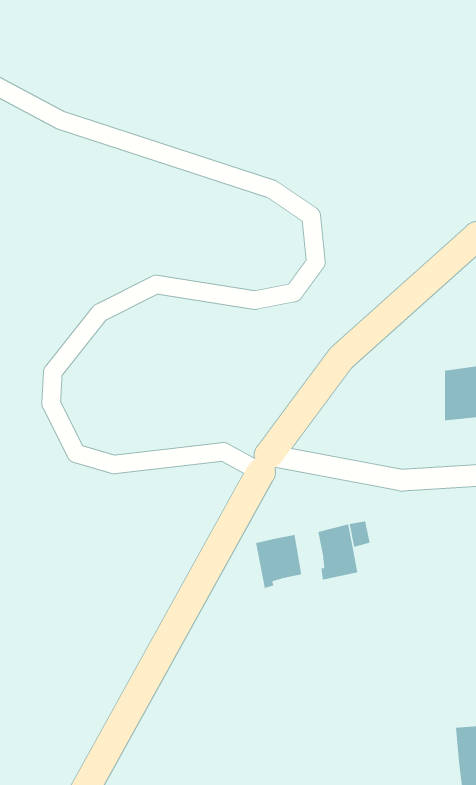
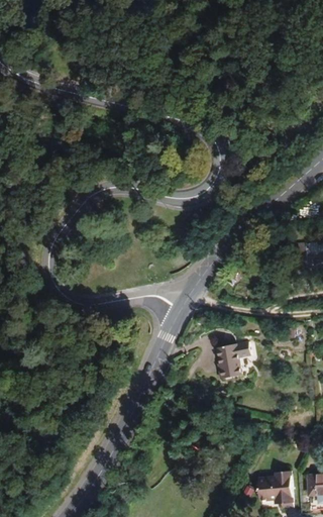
building: [256,534,302,589] -> none
building: none -> [258,471,294,501]

